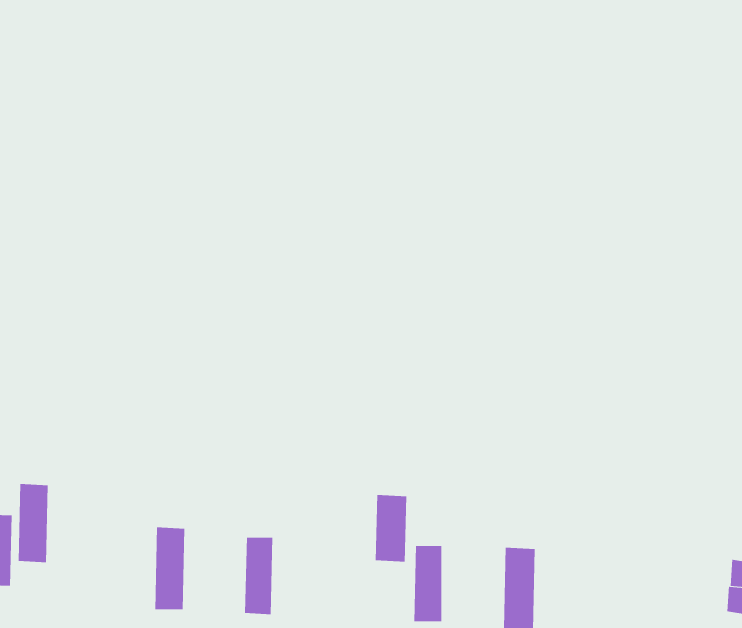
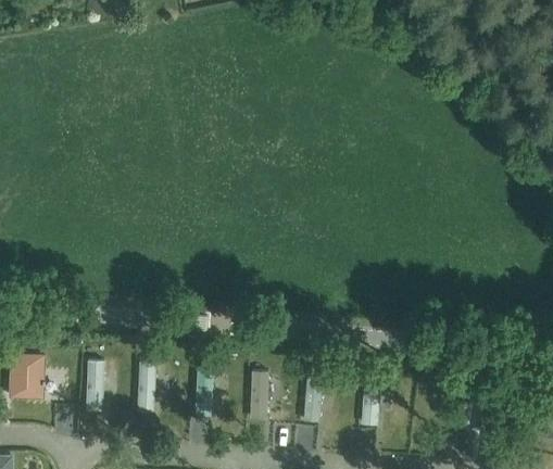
building: [18,483,48,563] -> [86,360,105,411]
building: [375,495,407,562] -> [249,372,269,416]

